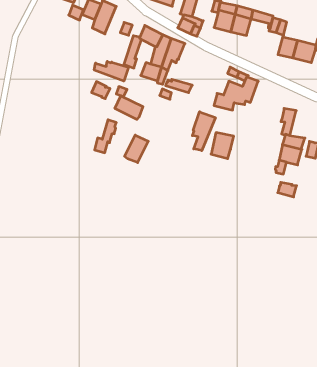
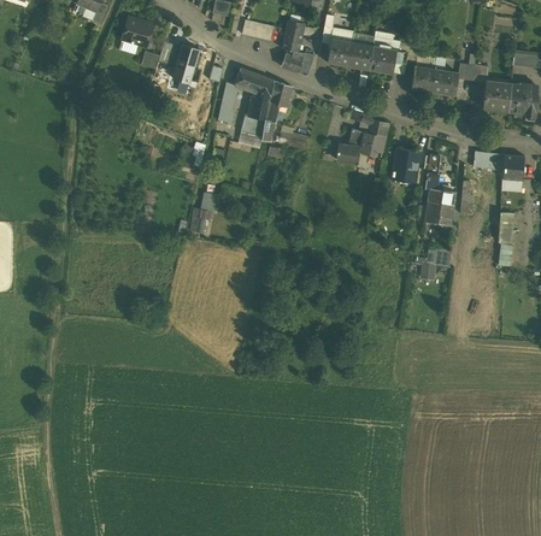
building: none -> [369,47,395,73]
building: [94,61,128,81] -> none
building: [115,96,143,119] -> none
building: [192,112,215,151] -> none
building: [211,133,234,159] -> [393,149,419,181]
building: [125,135,148,163] -> none

